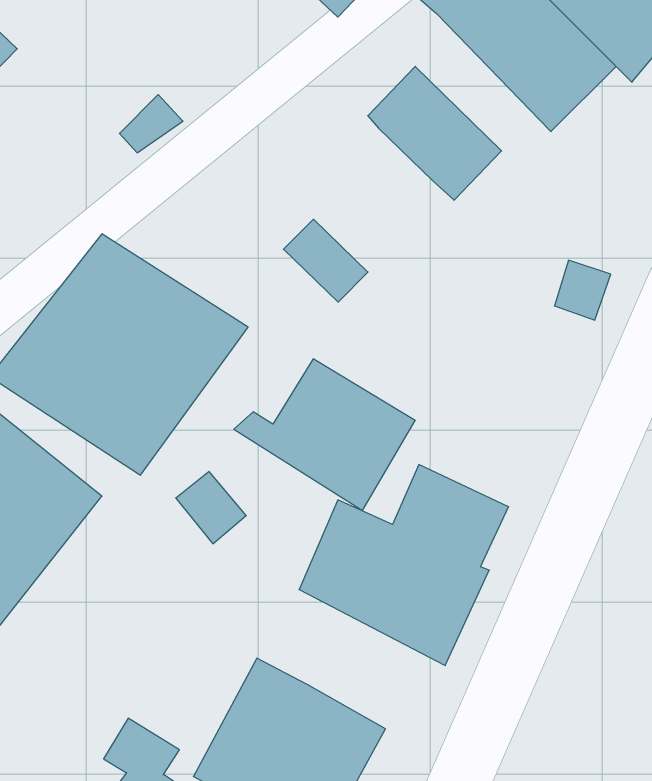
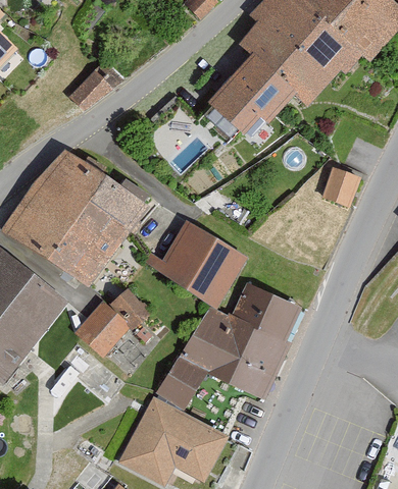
building: none -> [238,21,325,109]
building: [283,219,368,302] -> [207,88,256,135]
building: none -> [73,304,128,358]
building: none -> [154,355,205,410]

